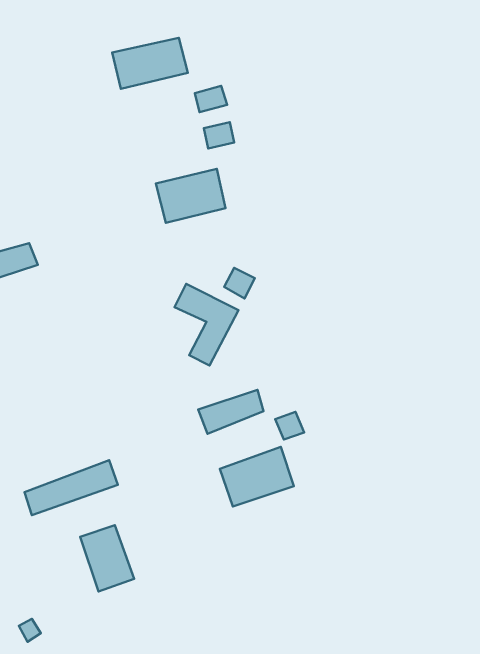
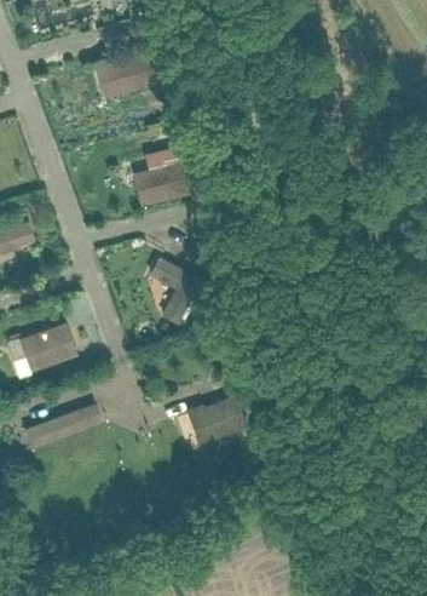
building: none -> [19,322,77,372]
building: [198,390,264,434] -> none
building: [80,525,134,591] -> none

